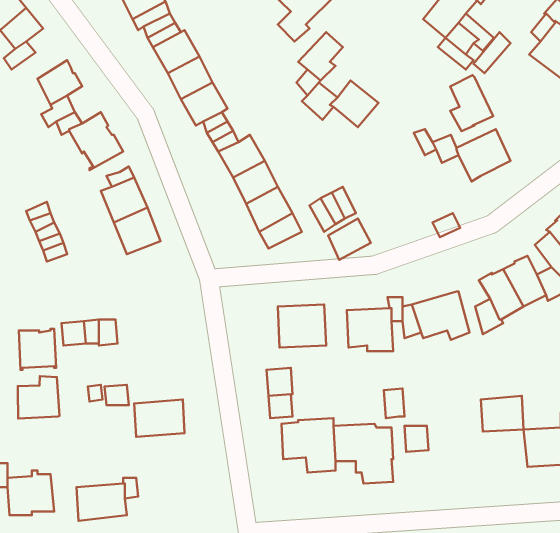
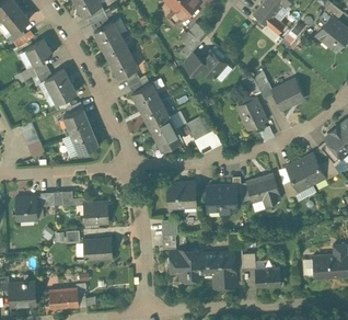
building: [450,75,493,131] -> [242,98,267,130]
building: none -> [84,203,108,224]
building: [18,376,59,418] -> none
building: [481,396,524,431] -> [255,267,280,288]

